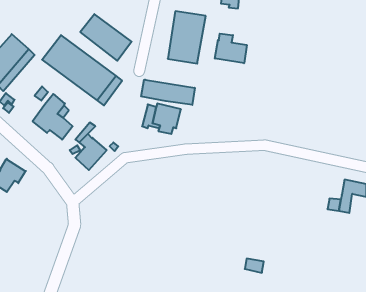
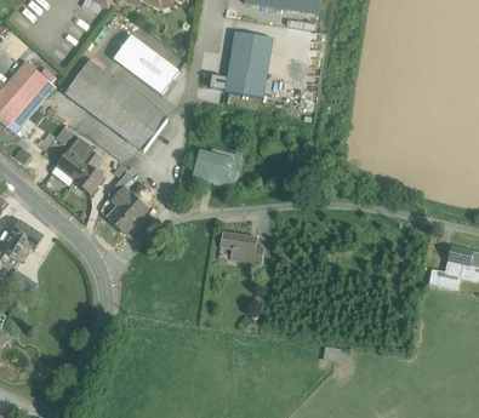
building: [215,34,247,63] -> none
building: [141,80,195,105] -> none
building: none -> [219,231,263,263]

